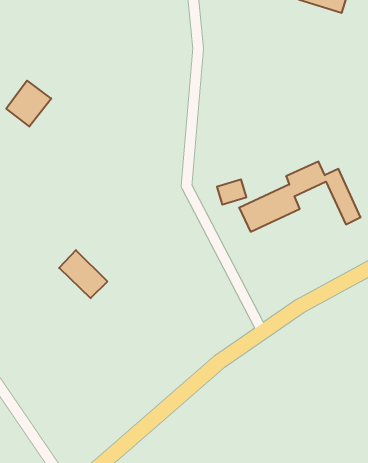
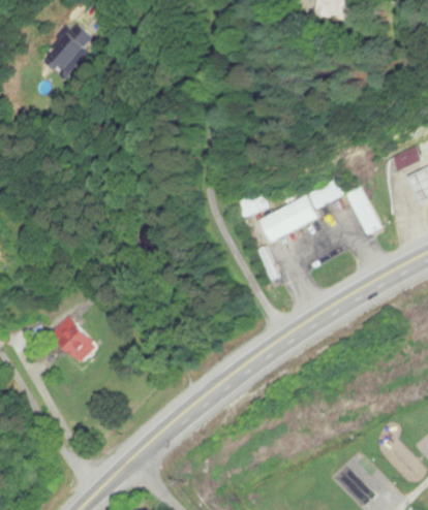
building: [6,81,51,127] -> [42,30,87,75]
building: [59,250,107,298] -> [50,315,97,362]

